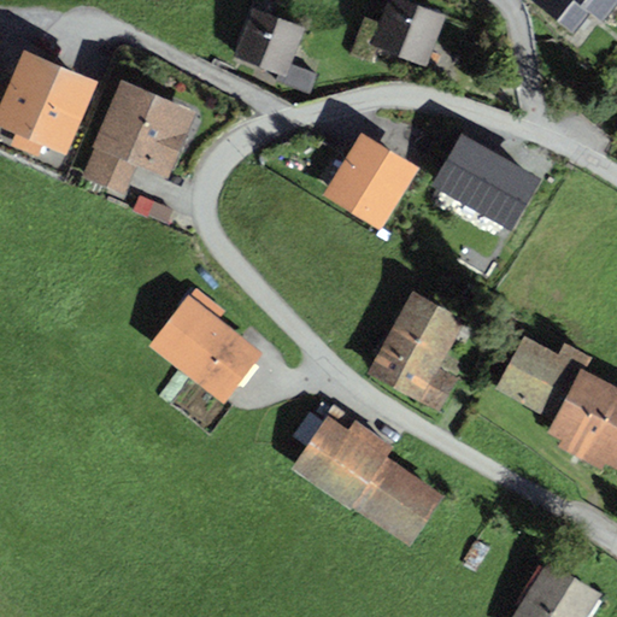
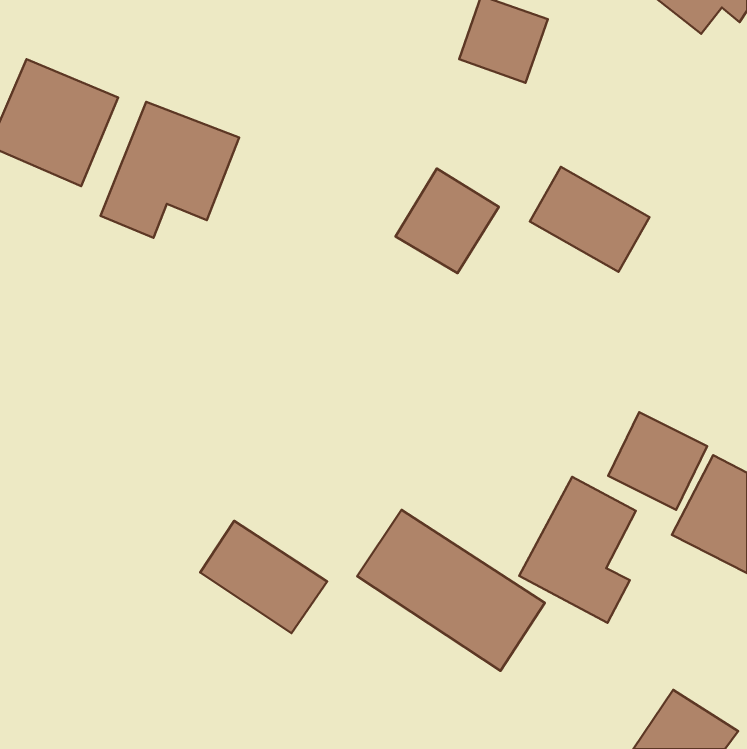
building: [233,8,306,78] -> none
building: [369,296,464,416] -> [519,477,636,623]
building: [159,304,263,395] -> [200,521,327,633]

